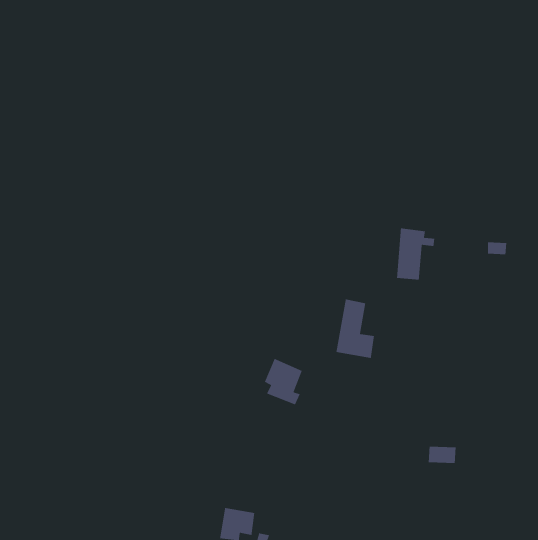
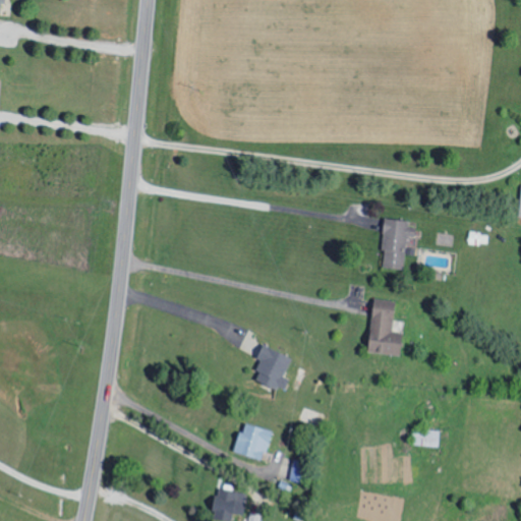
building: [336,299,375,359] -> [366,298,404,356]
building: none -> [234,421,272,461]

